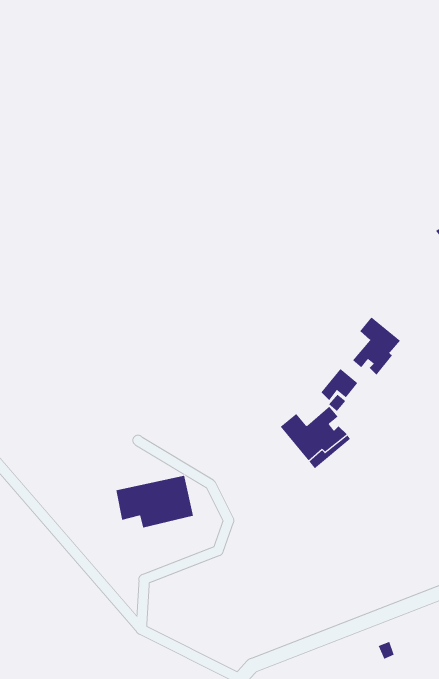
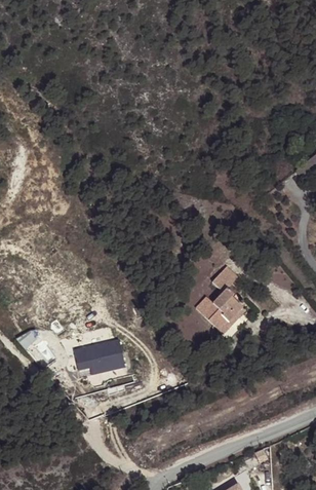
building: [352,316,401,375] -> none

